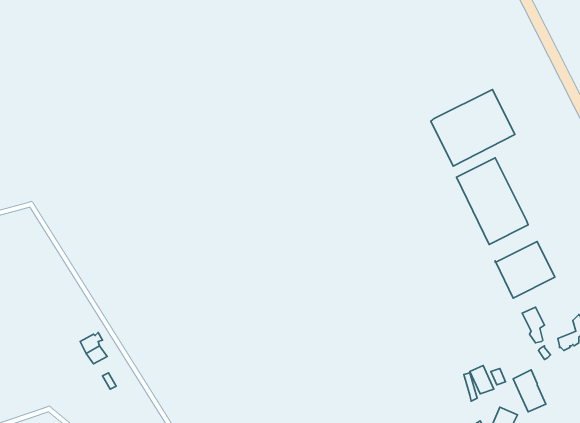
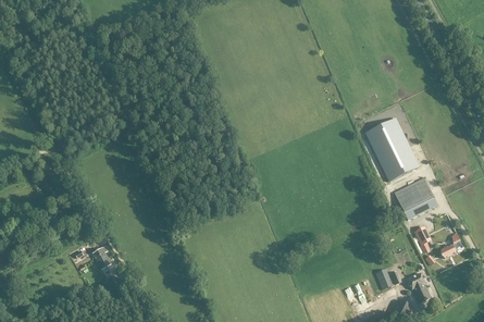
building: [431,90,515,166] -> none

